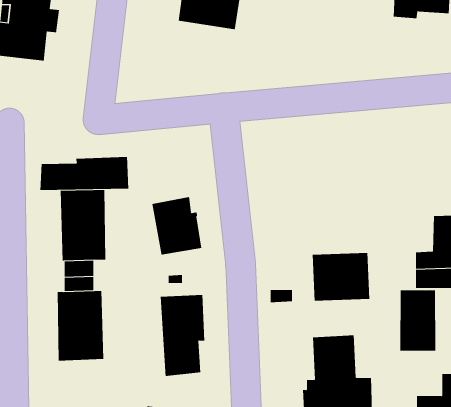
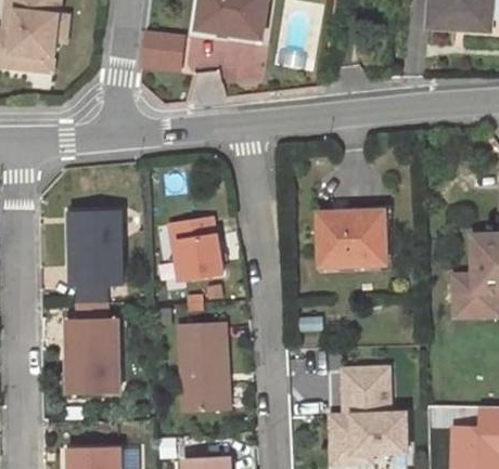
building: none -> [142,34,185,74]
building: [40,156,129,191] -> none
building: [312,253,370,301] -> [320,212,383,264]
building: [400,289,436,351] -> none

